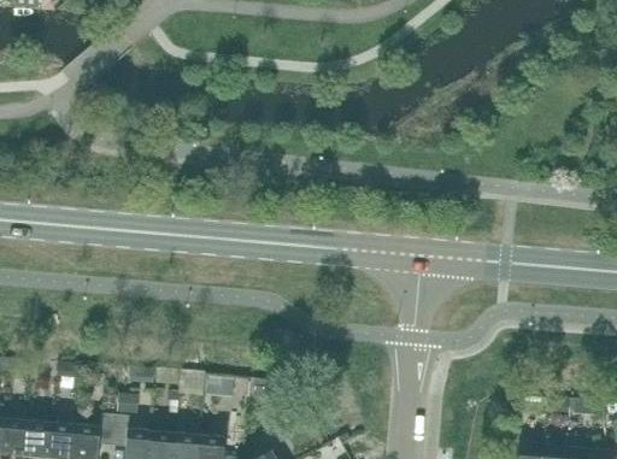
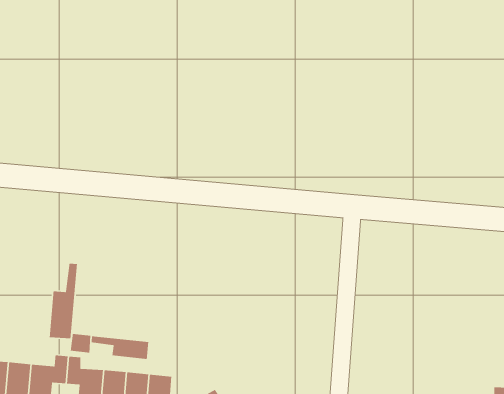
building: none -> [49,263,78,339]
building: none -> [91,335,149,360]

